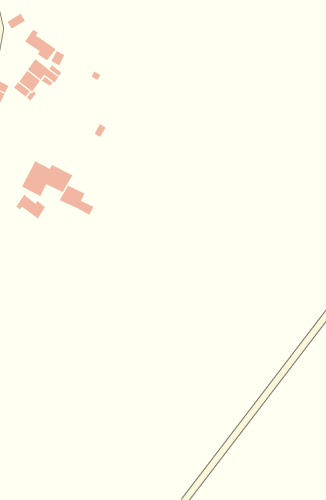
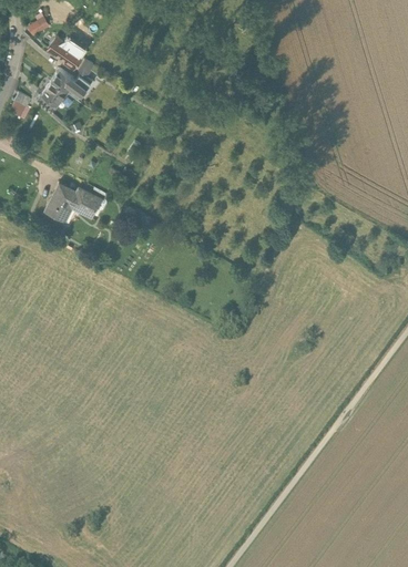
building: [59,185,94,216] -> none
building: [15,194,46,220] -> none

